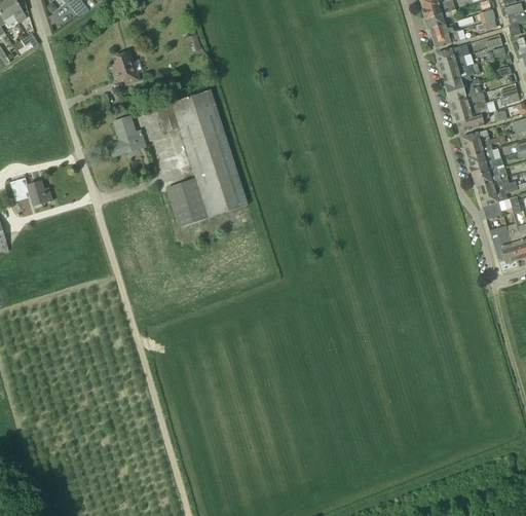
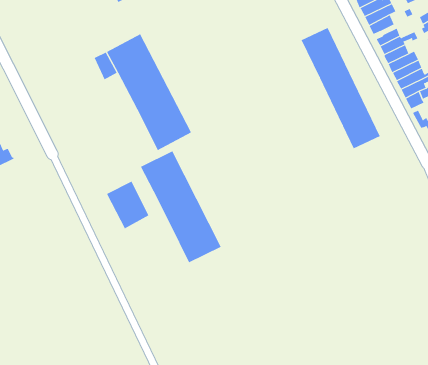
building: [112,50,139,84] -> none
building: [109,115,146,154] -> none
building: none -> [301,27,381,149]
building: [165,177,208,227] -> [106,181,149,229]
building: none -> [140,150,221,263]

